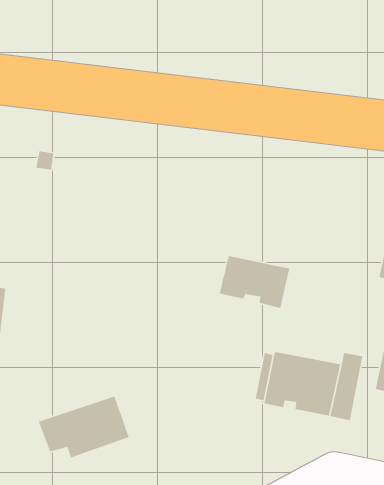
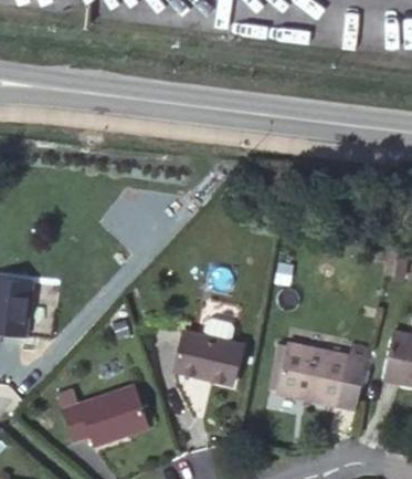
building: [219,255,290,309] -> [173,333,241,384]

